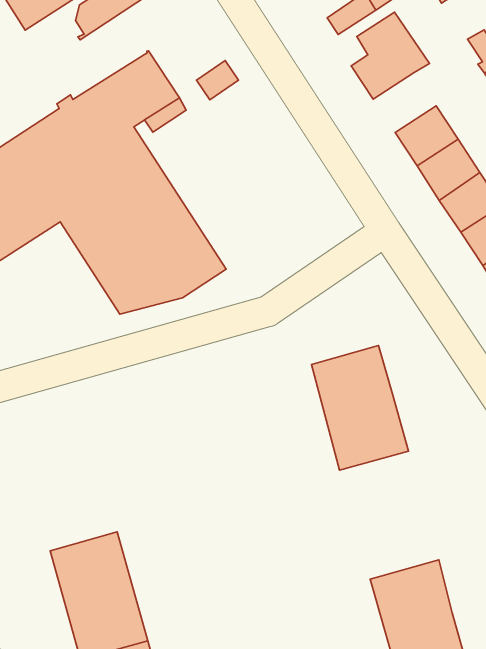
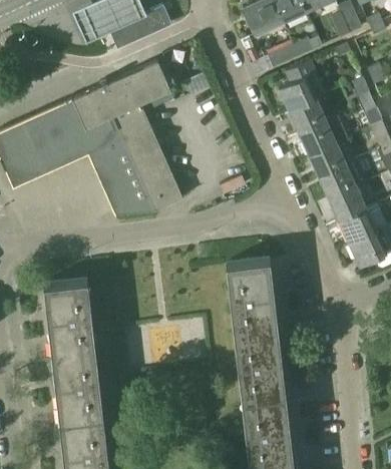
building: none -> [289,98,326,132]
building: none -> [44,281,94,351]
building: none -> [234,325,285,398]

